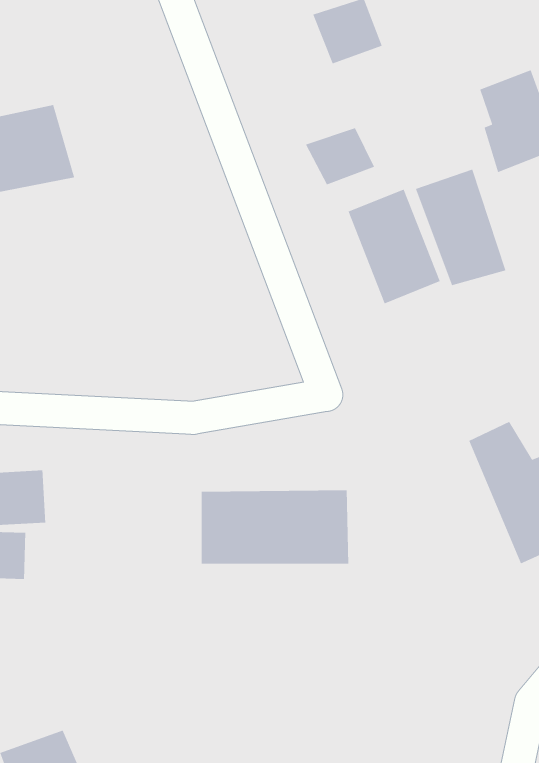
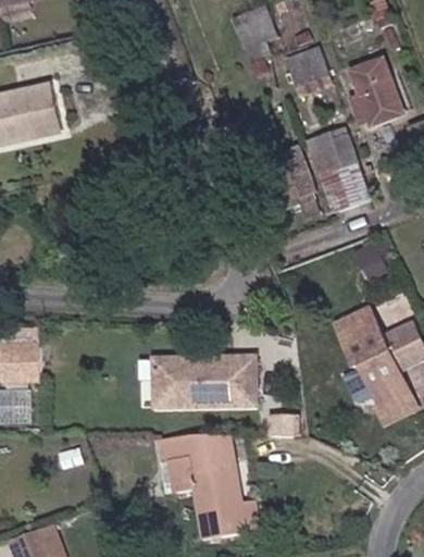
building: [305,127,375,185] -> [282,46,332,87]
building: none -> [157,433,255,540]

